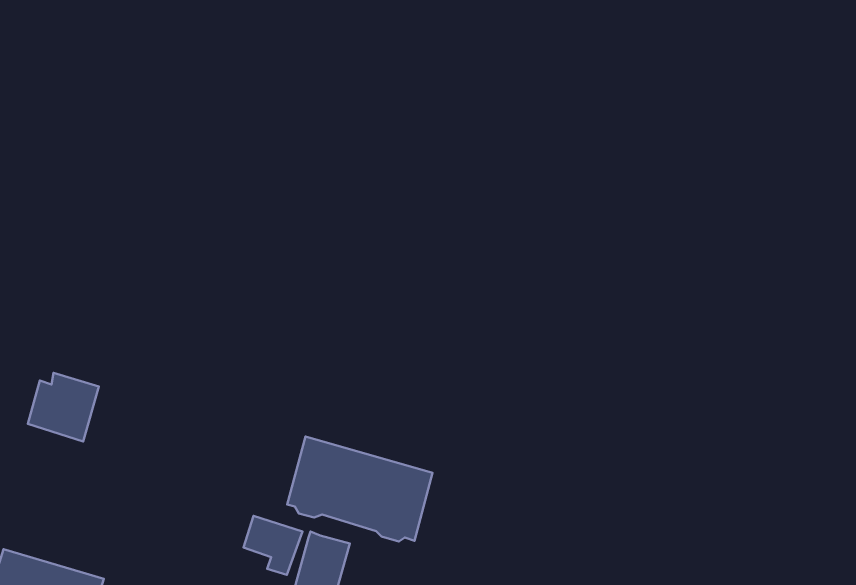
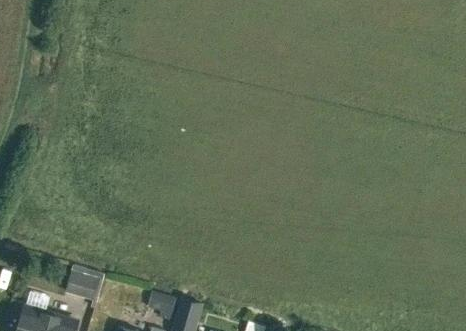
building: [28,373,99,442] -> [66,268,102,303]
building: [287,436,433,542] -> none

